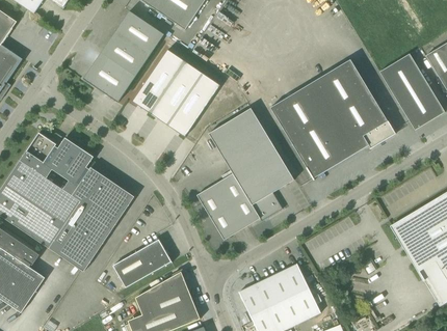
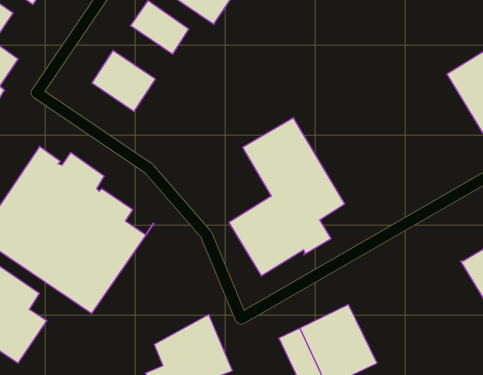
building: [101,30,151,75] -> none
building: [132,48,220,136] -> none
building: [270,58,396,178] -> none
building: [113,238,173,286] -> none

